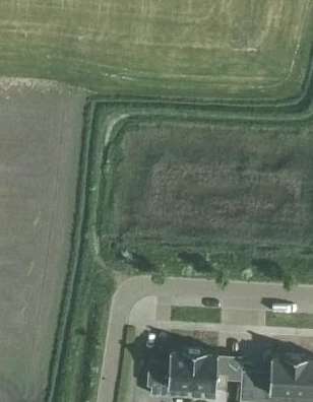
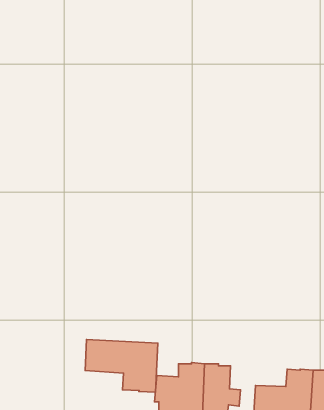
building: none -> [85,339,158,392]

